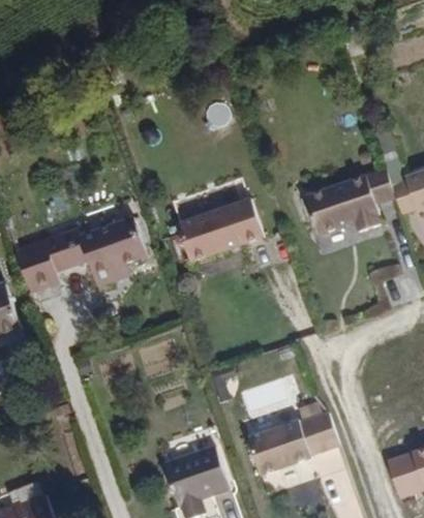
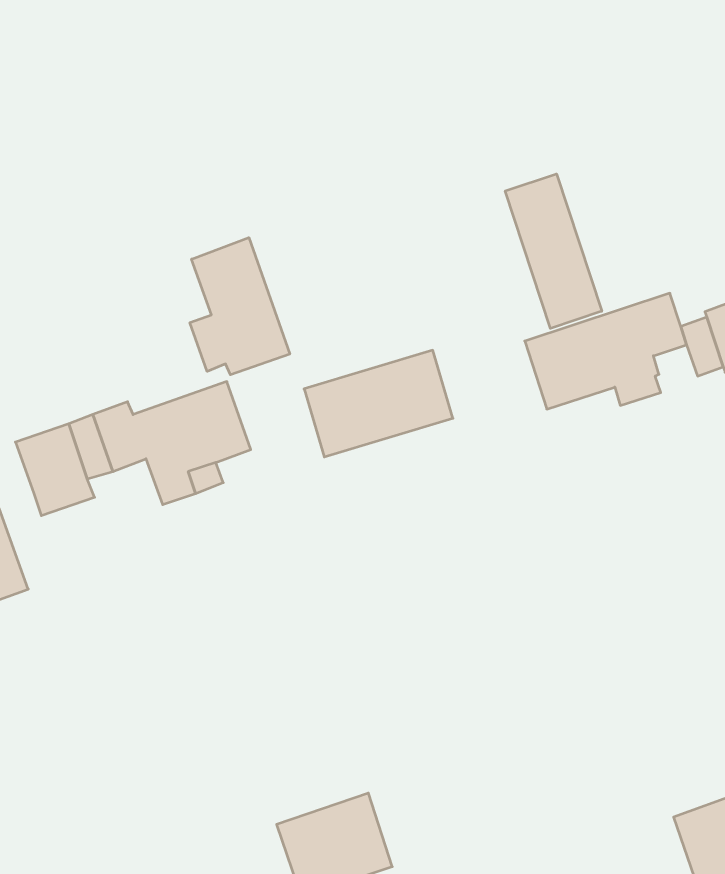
building: none -> [505,174,602,328]
building: none -> [190,238,290,375]
building: [245,408,339,471] -> none

